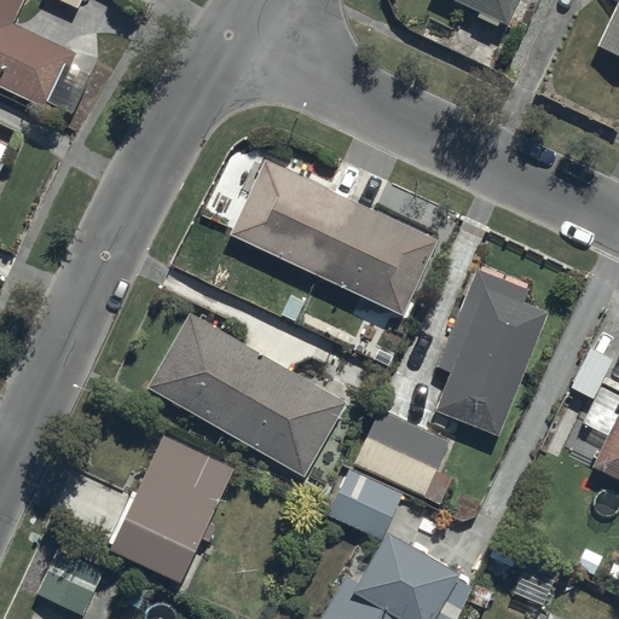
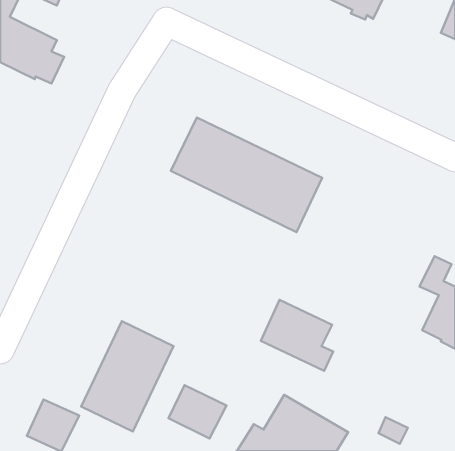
building: [436,267,548,435] -> none
building: [147,314,346,478] -> none
building: [324,465,403,538] -> [169,385,226,439]

